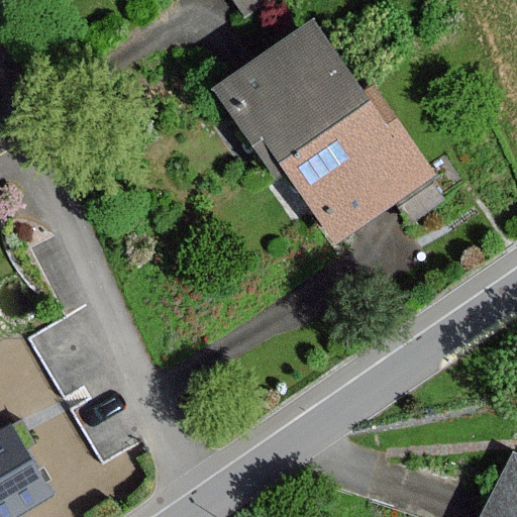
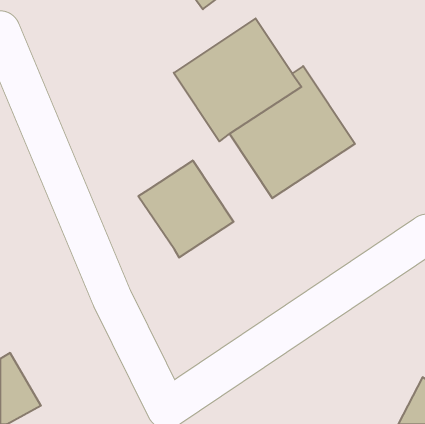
building: none -> [138,160,234,258]

